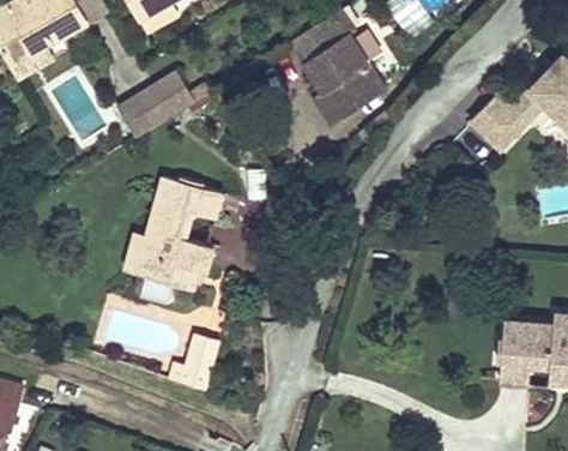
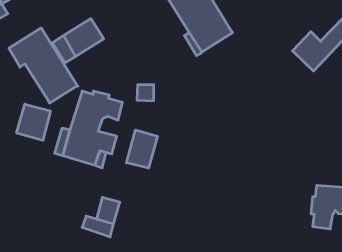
building: none -> [9,28,78,103]
building: none -> [17,104,50,140]
building: none -> [126,130,157,168]

